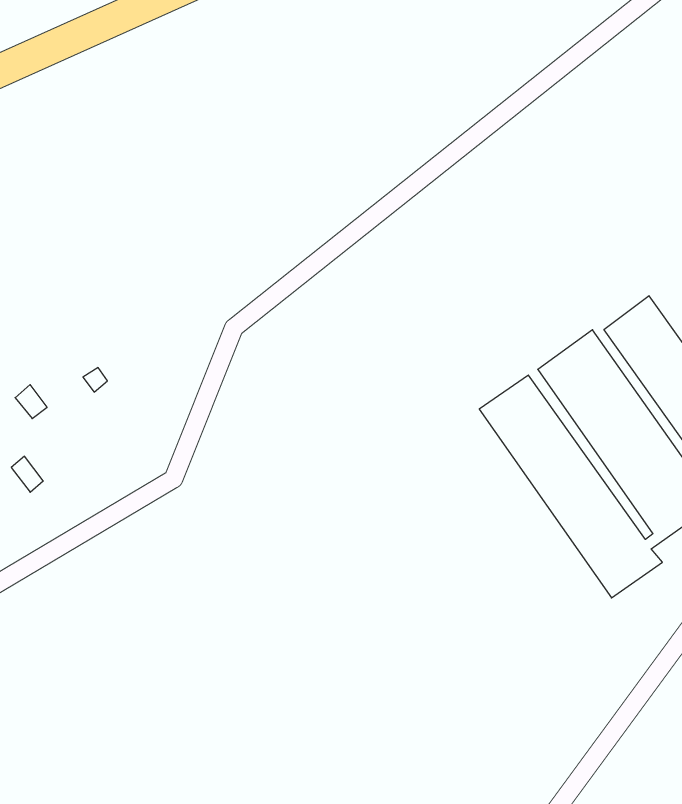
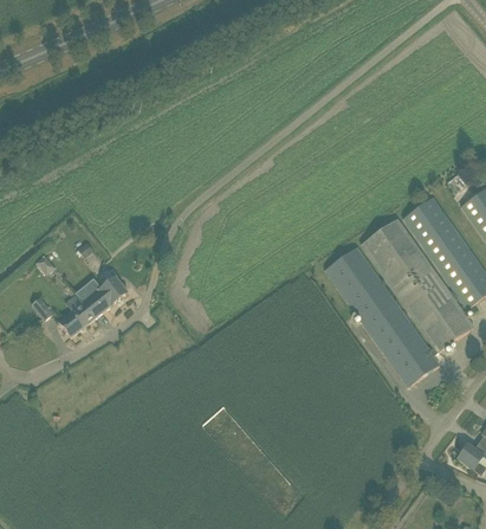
building: none -> [58,276,128,336]

